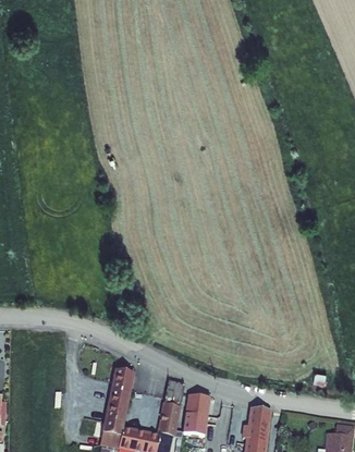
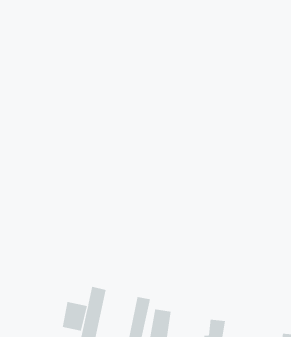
building: none -> [62,301,87,332]

